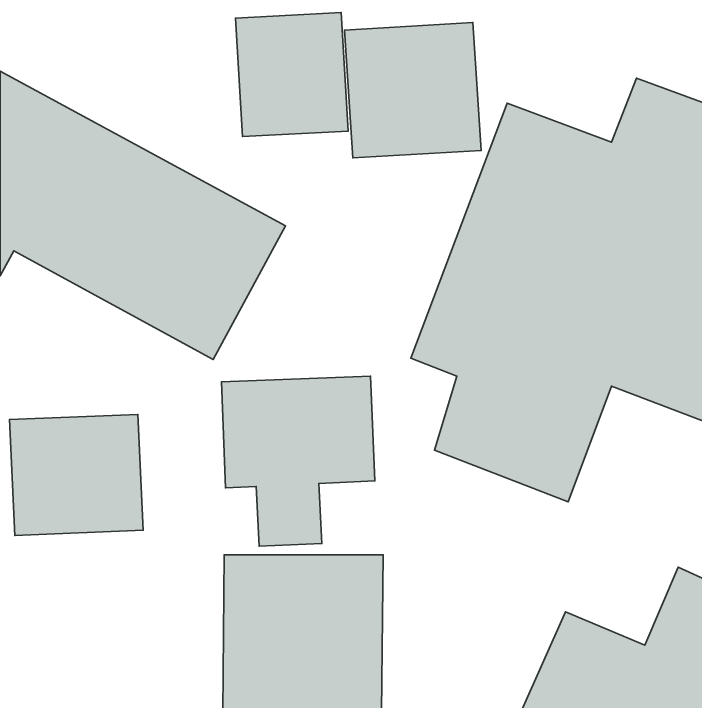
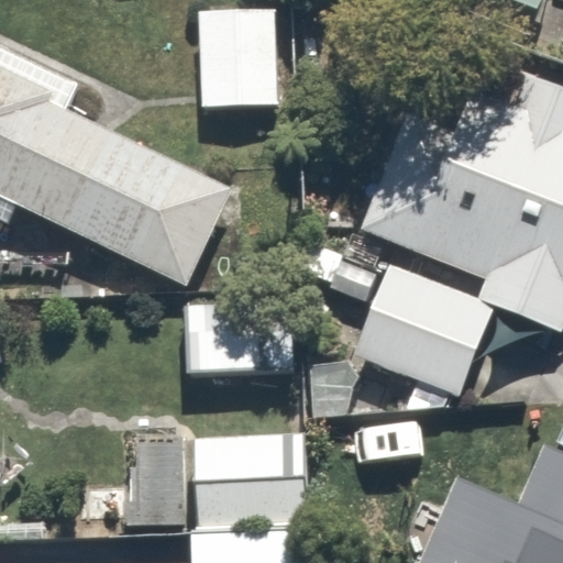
building: [345,23,481,158] -> none
building: [10,414,143,535] -> none

